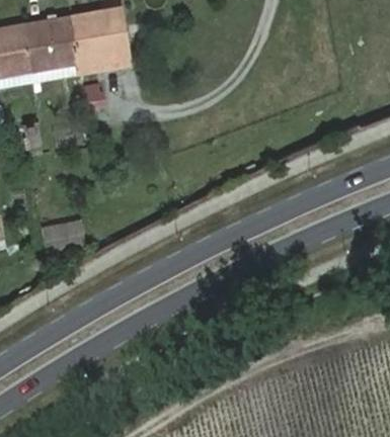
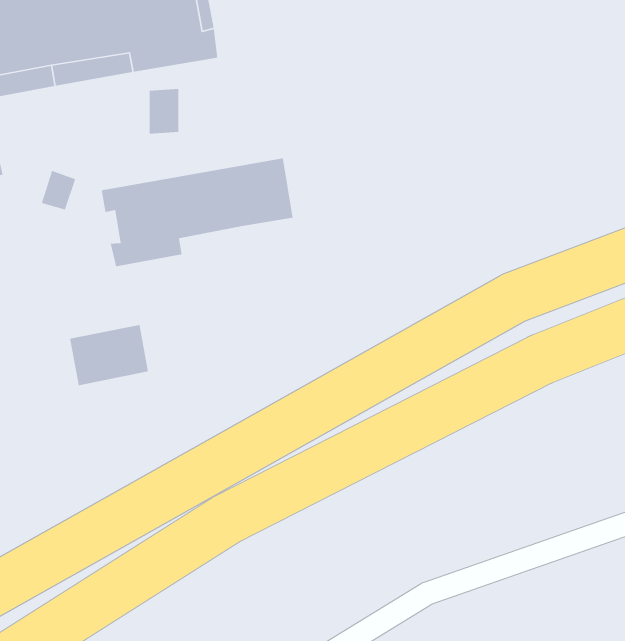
building: none -> [101,157,294,267]

